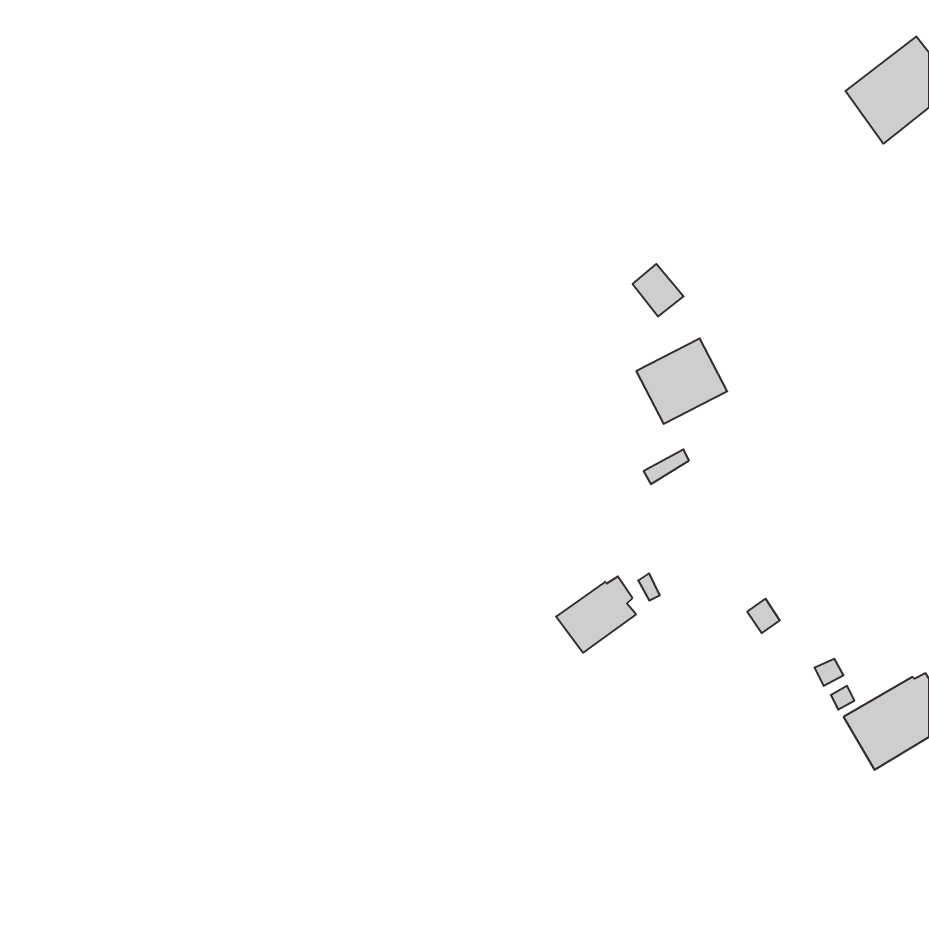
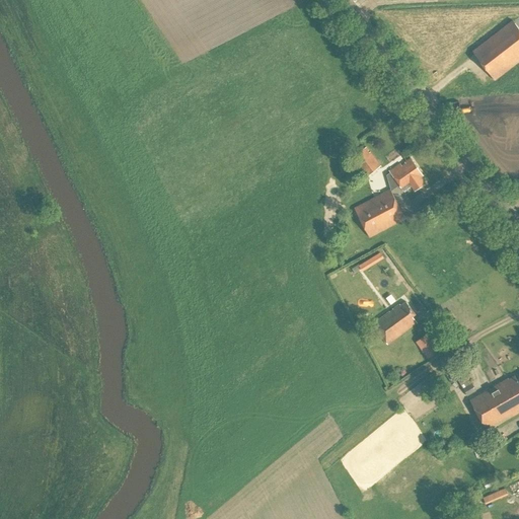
building: none -> [389,157,426,191]
building: [556,576,636,653] -> [373,300,418,343]

